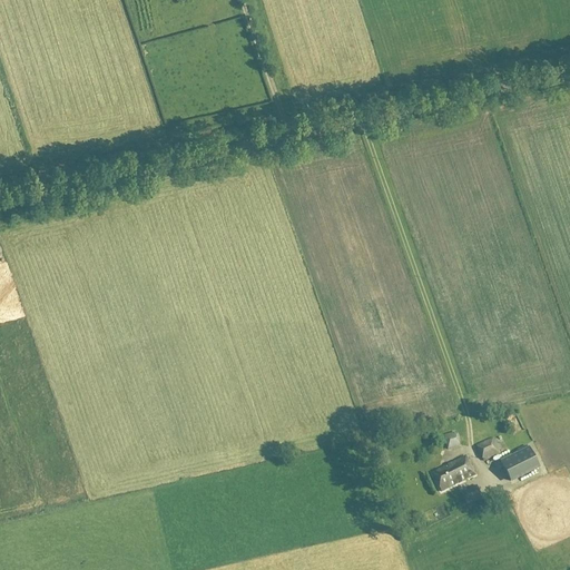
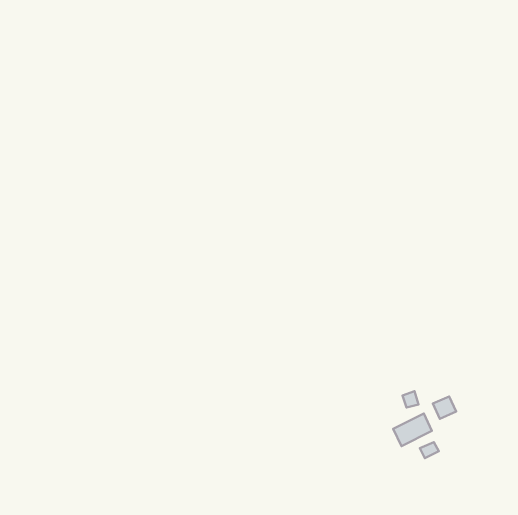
building: [501,444,537,479] -> none

